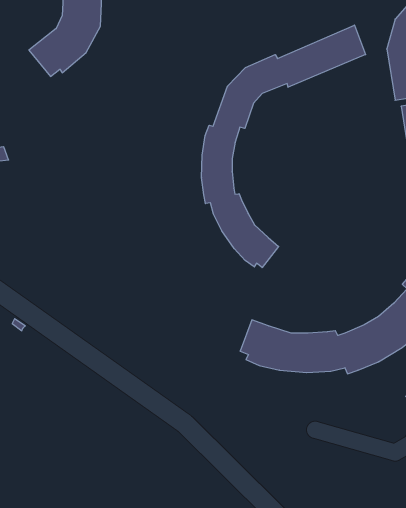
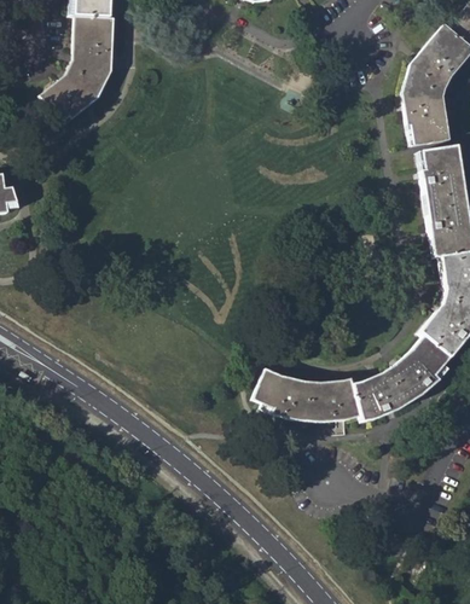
building: [202,25,366,268] -> none

